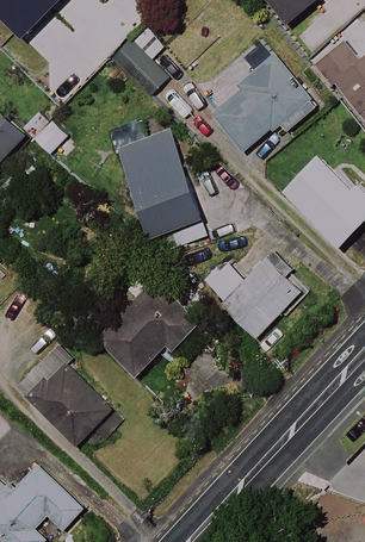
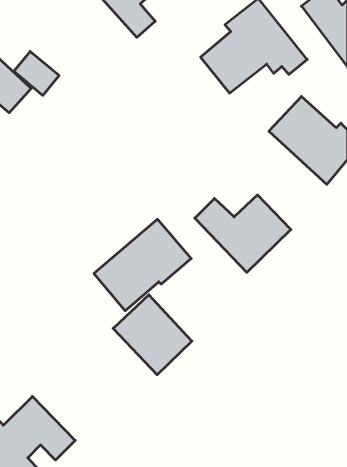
building: [115,130,209,248] -> none
building: [27,363,109,446] -> [113,295,192,375]

